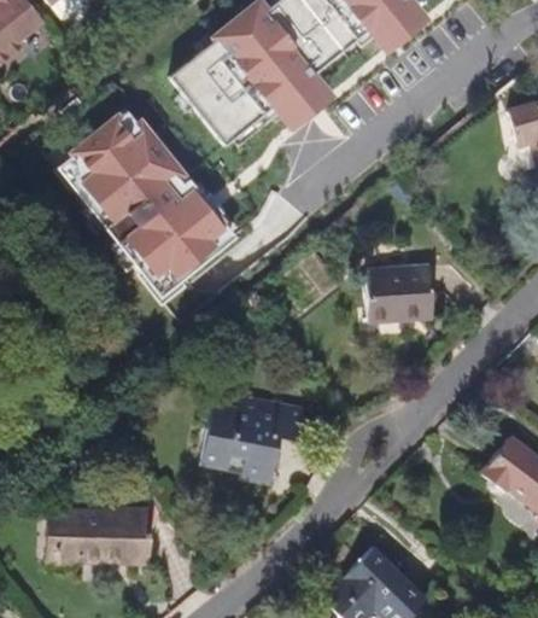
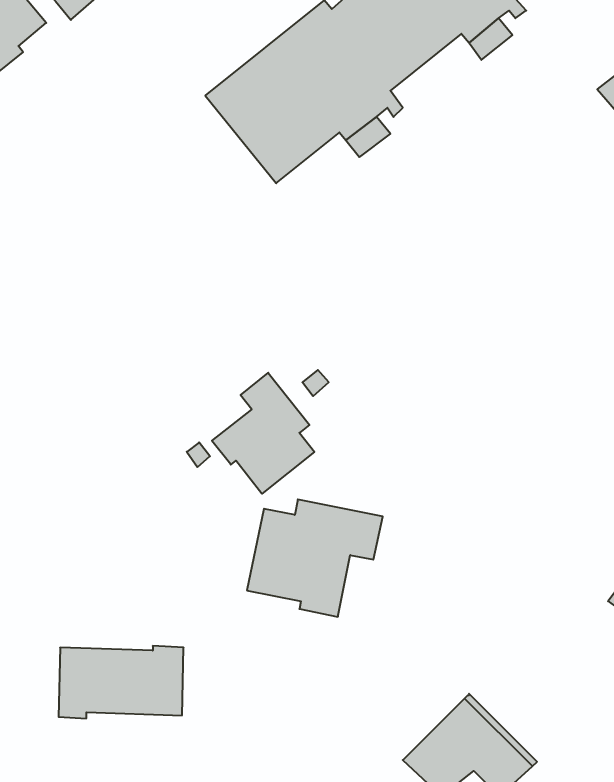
building: [64,112,232,298] -> none
building: [366,266,434,321] -> none
building: none -> [212,373,314,494]

